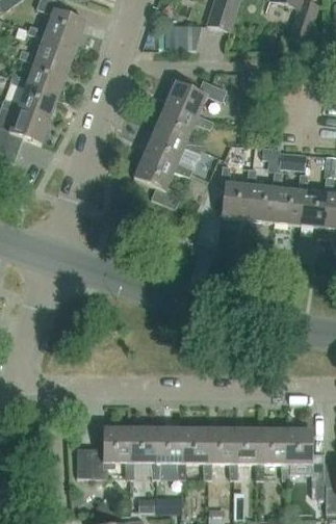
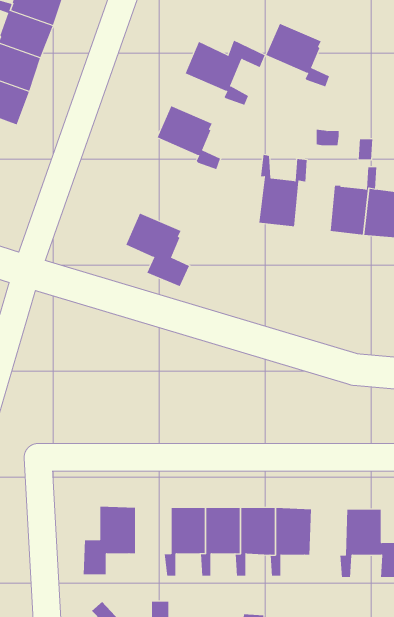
building: [155,104,203,152] -> [266,23,330,87]
building: [134,152,182,207] -> [126,213,190,287]
building: [248,169,283,221] -> none
building: [124,427,155,477] -> none
building: [255,428,286,478] -> none

